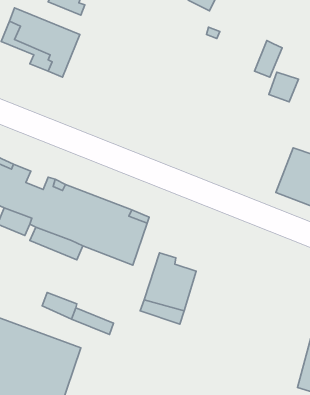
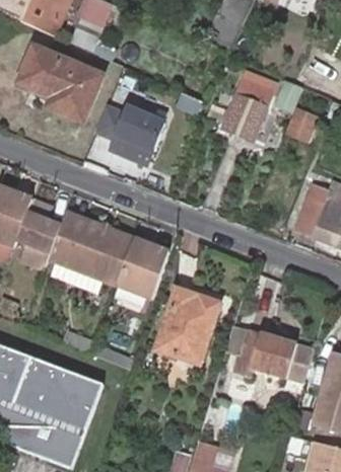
building: none -> [223,79,273,140]
building: none -> [97,103,163,162]
building: none -> [236,330,295,380]

